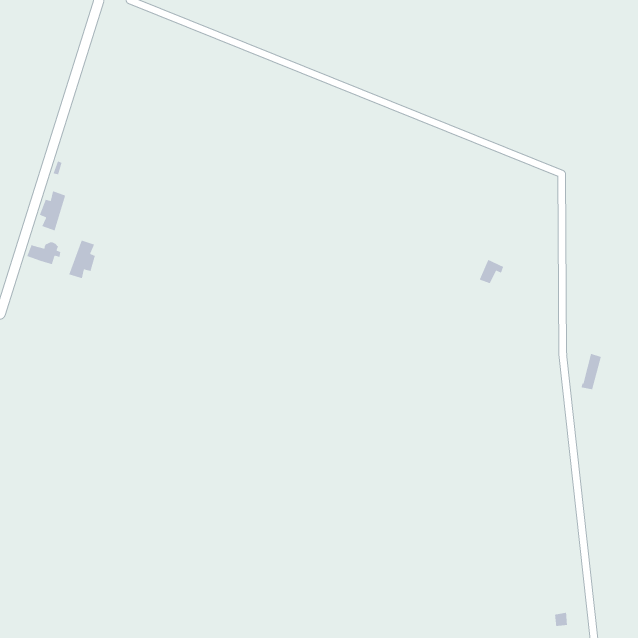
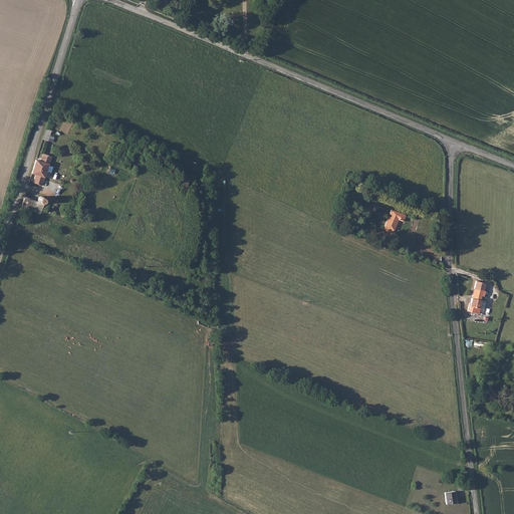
building: [68,240,96,279] -> none

